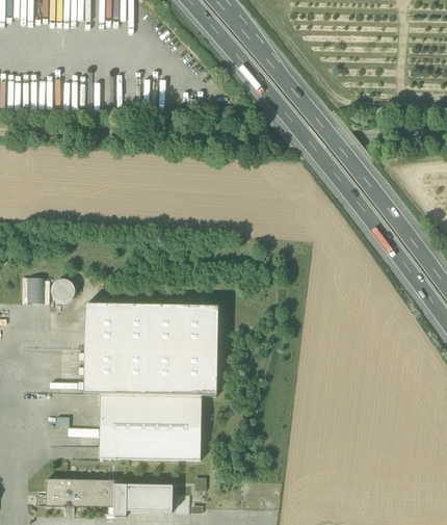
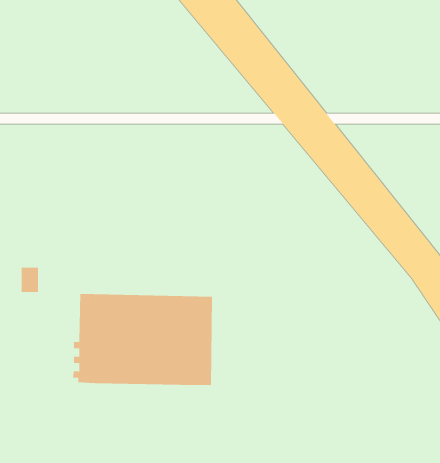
building: [51,279,75,303] -> none
building: [99,393,202,460] -> none

